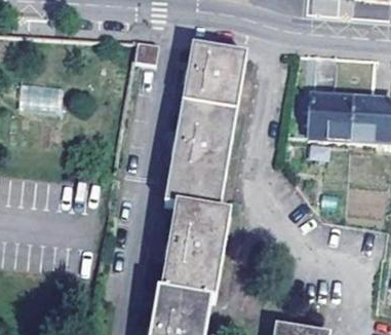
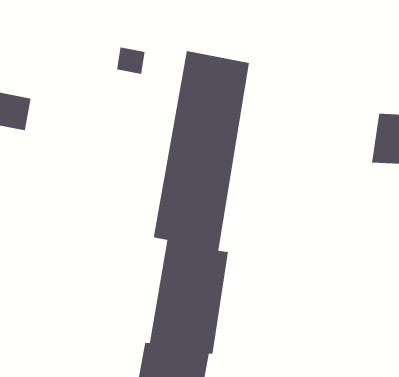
building: [310,94,353,139] -> none

